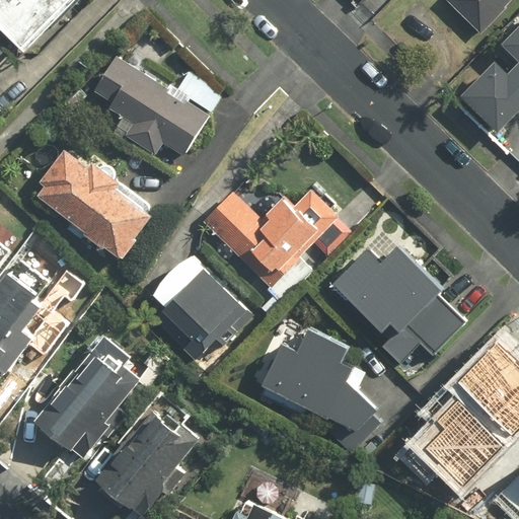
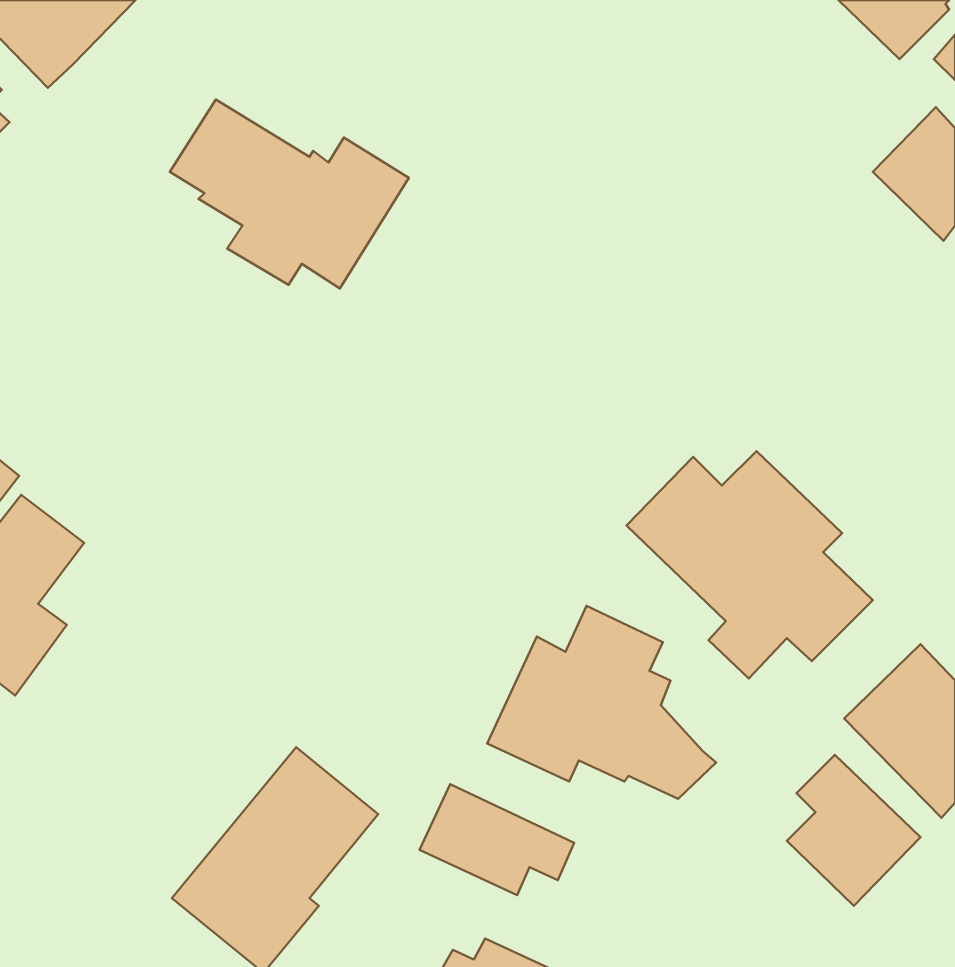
building: [38,149,153,258] -> none
building: [200,190,339,290] -> none
building: [152,267,248,363] -> none
building: [31,336,143,462] -> none
building: none -> [420,784,574,895]

